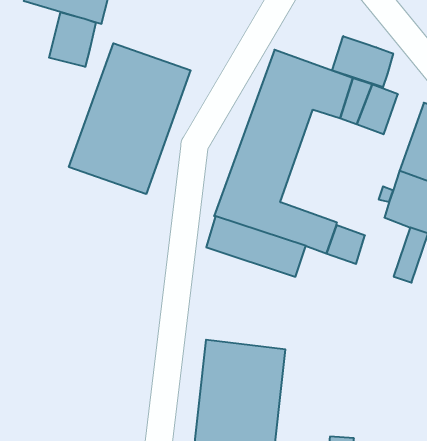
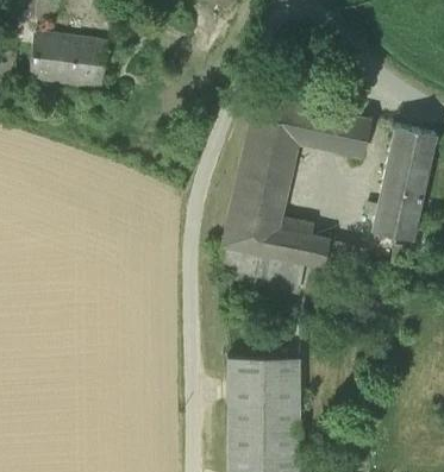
building: [49,12,96,67] -> none
building: [332,36,393,87] -> none
building: [69,43,191,194] -> none

